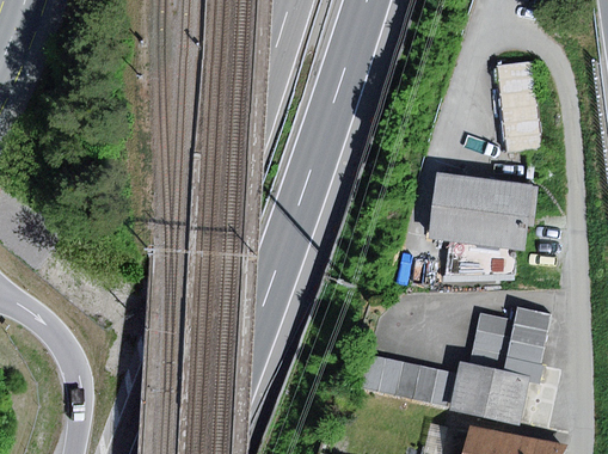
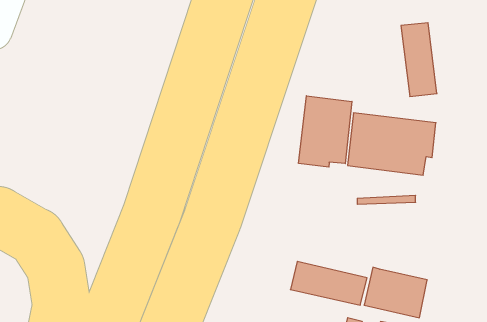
building: none -> [299,96,352,167]
building: [469,307,551,379] -> none

